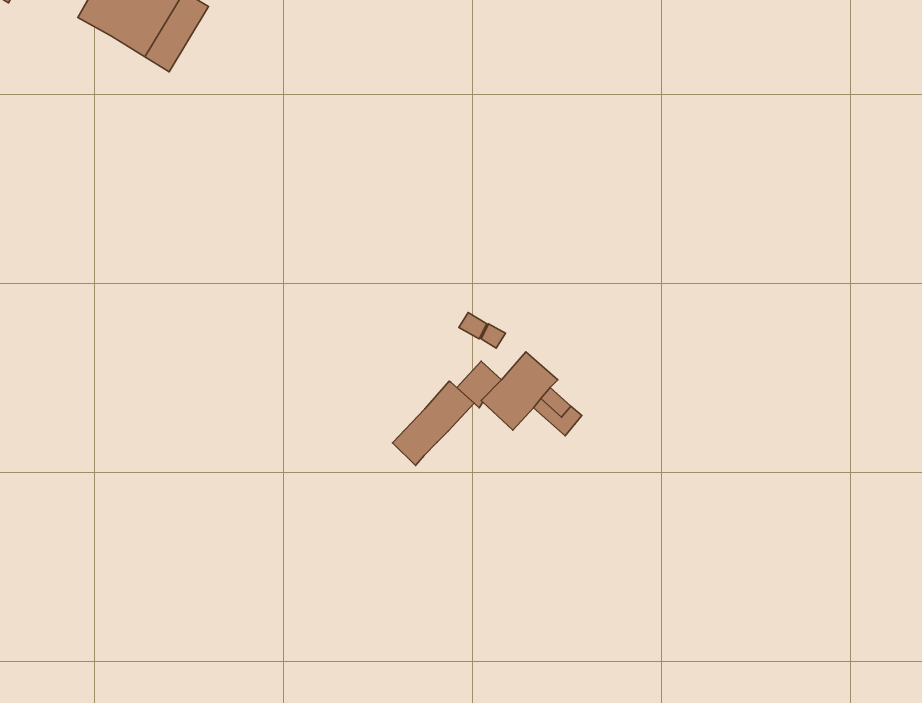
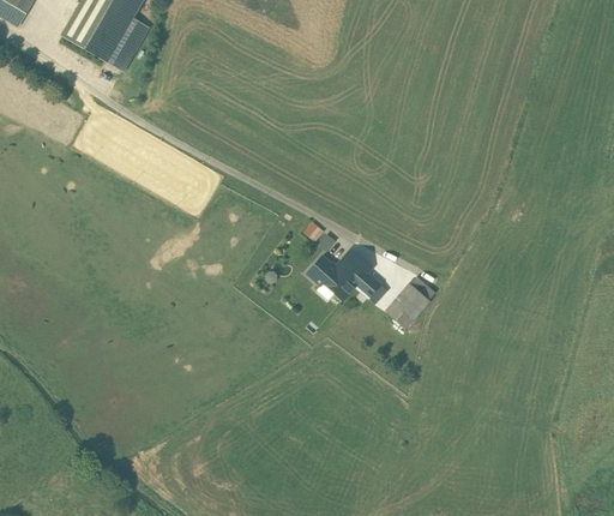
building: [392,381,474,466] -> none
building: none -> [386,277,439,332]

